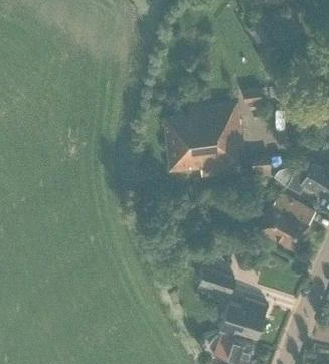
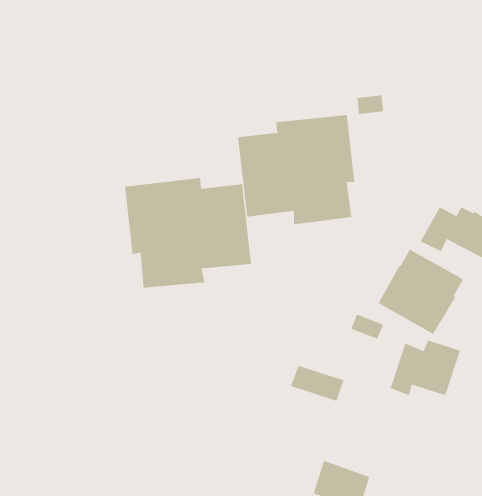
building: none -> [125,177,251,289]
building: [219,301,267,338] -> [390,340,461,396]

